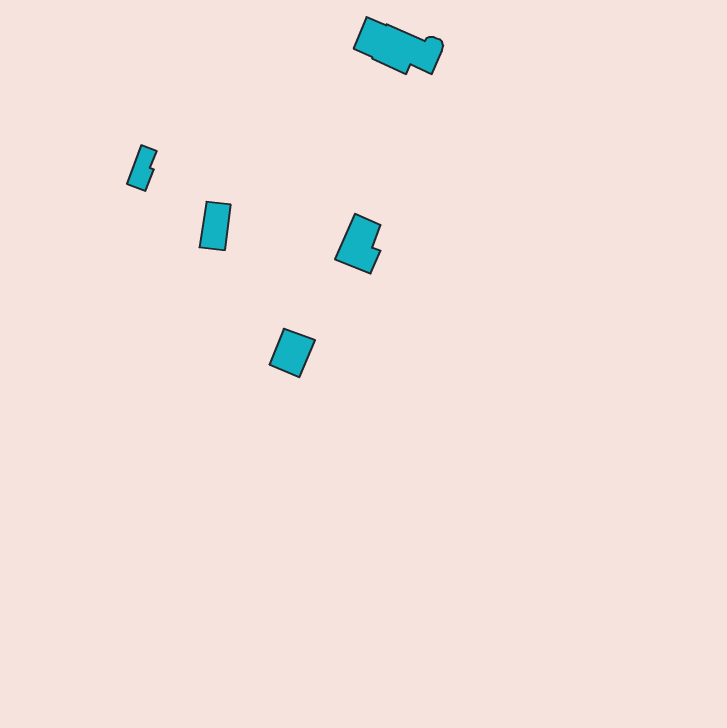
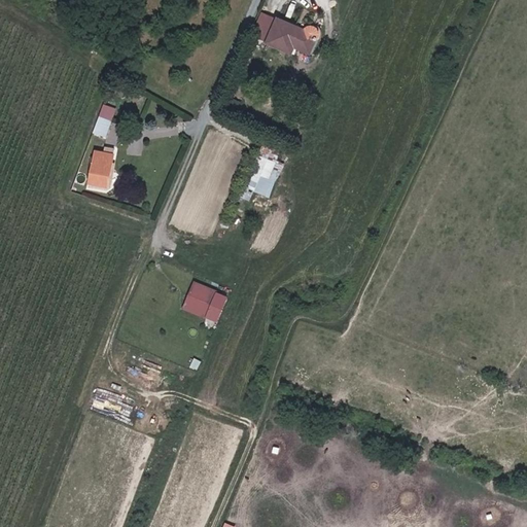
building: [199,202,231,250] -> [90,152,112,187]
building: [269,329,315,377] -> [183,283,216,318]

